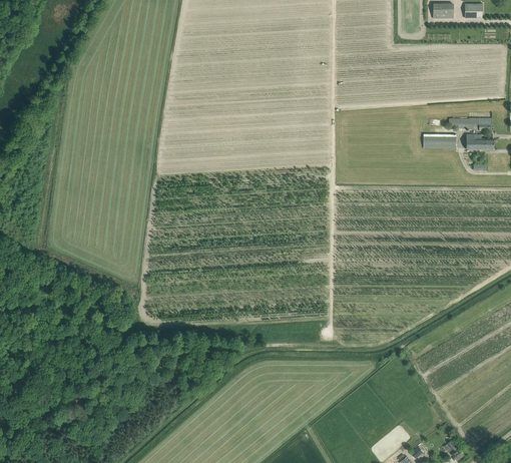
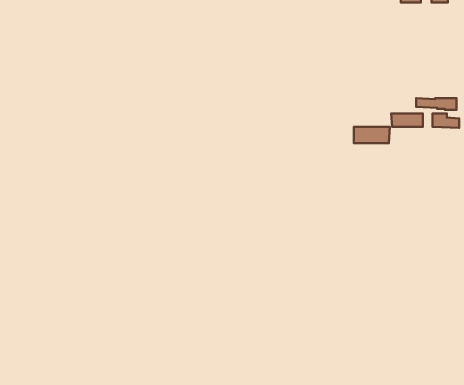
building: none -> [354,127,390,143]

